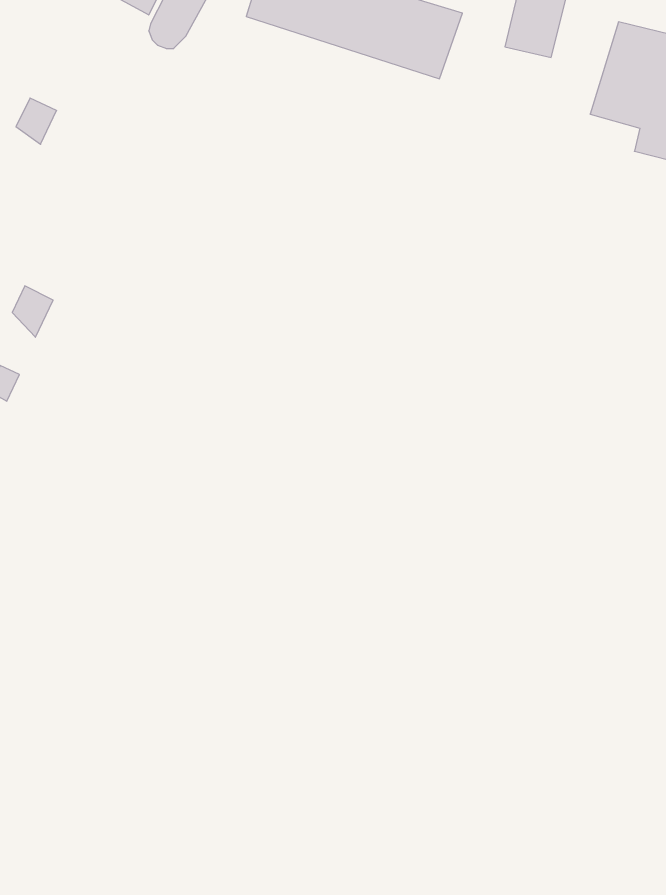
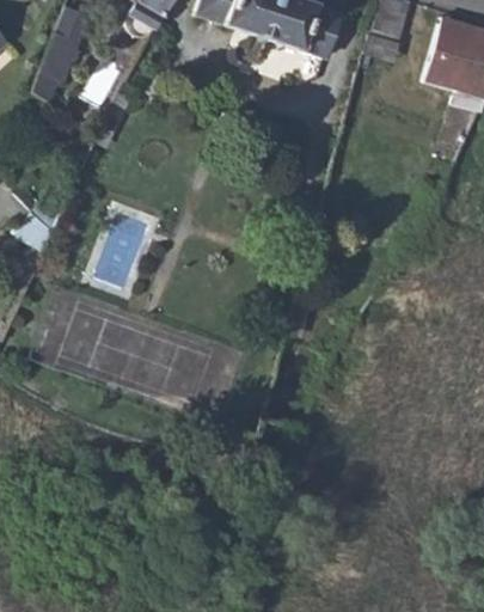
building: none -> [47,30,88,79]

